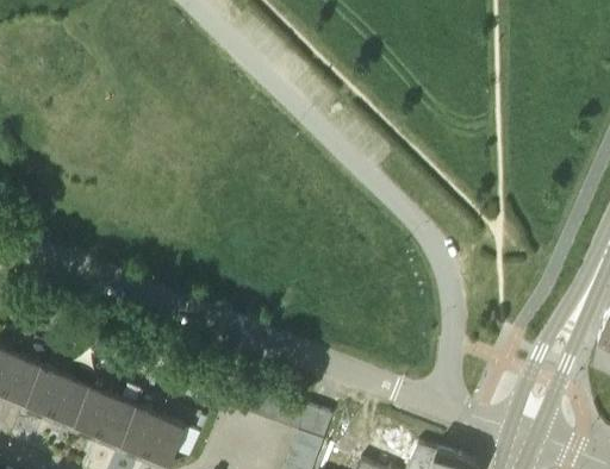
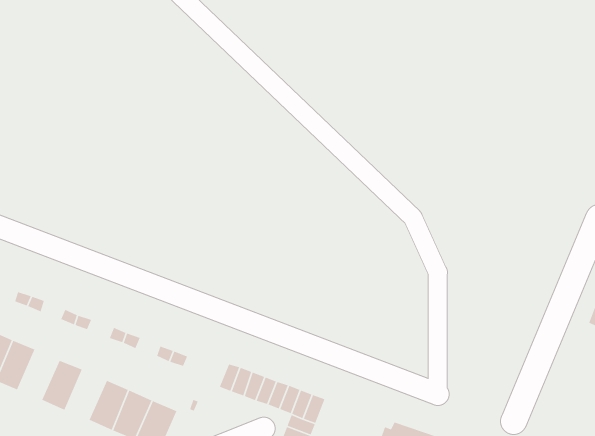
building: [26,368,68,419] -> none
building: [74,388,116,439] -> none

